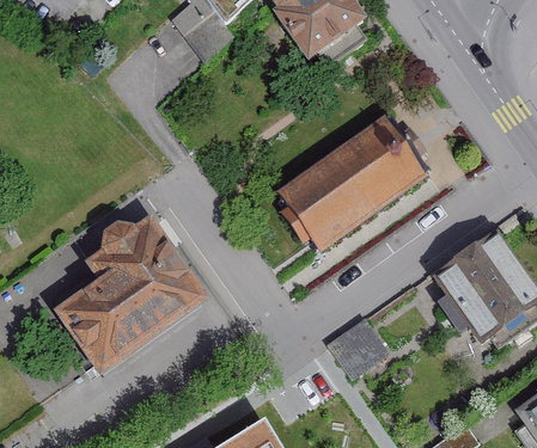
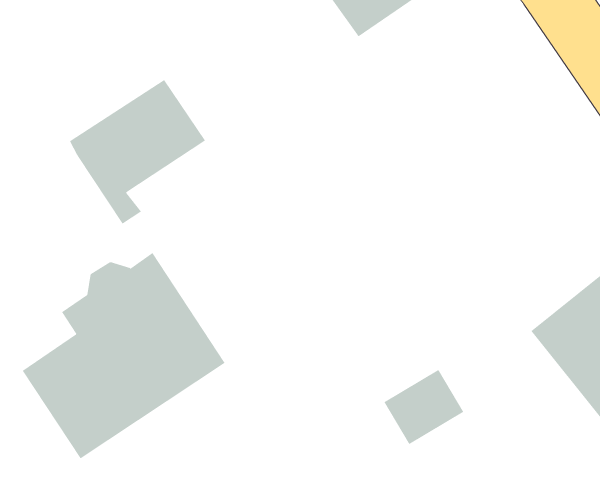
building: none -> [69,79,206,225]
building: [276,116,426,252] -> none

